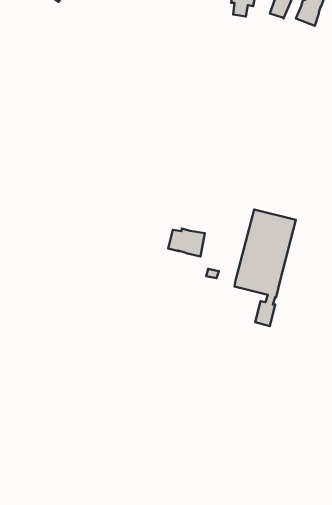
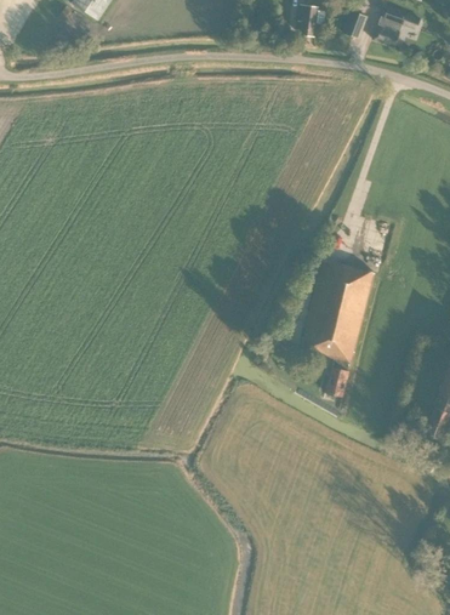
building: [168,228,205,257] -> none

